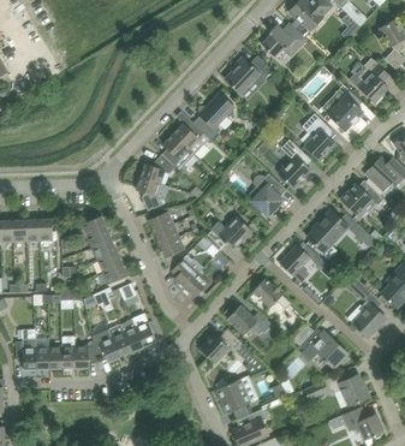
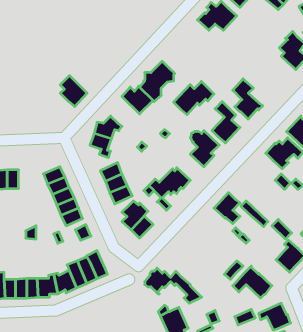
building: [225,55,272,94] -> [174,81,214,115]
building: [322,90,363,131] -> none
building: [162,133,193,170] -> [60,76,87,107]
building: [306,209,349,251] -> none
building: [252,278,291,311] -> none
building: [227,305,272,335] -> none

